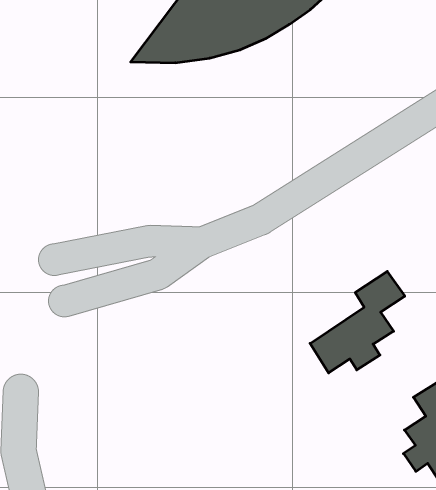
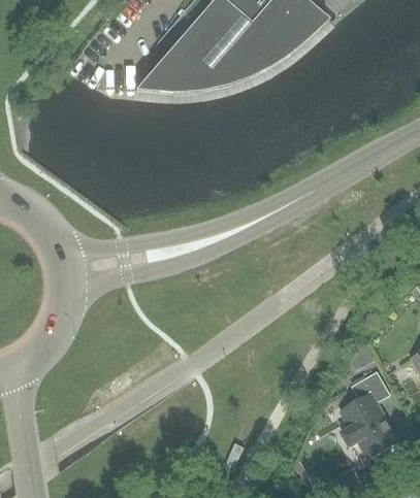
building: [310,271,405,373] -> none

